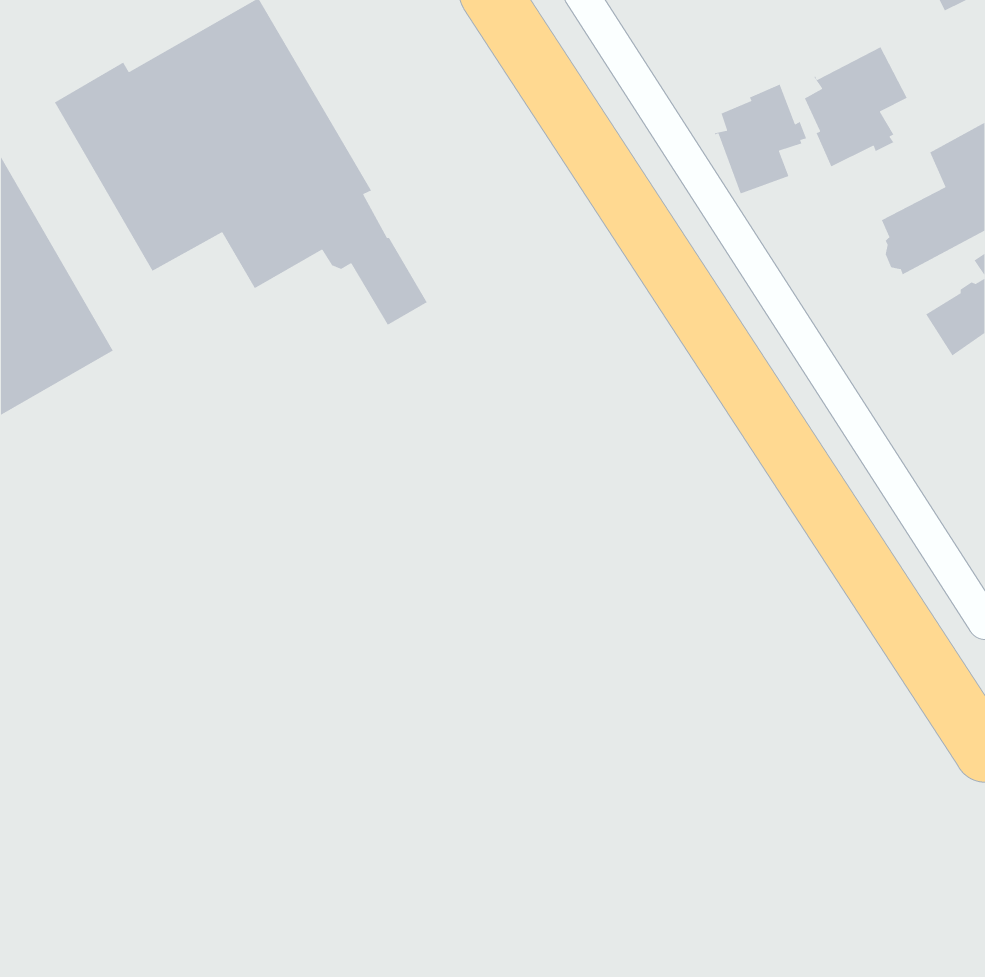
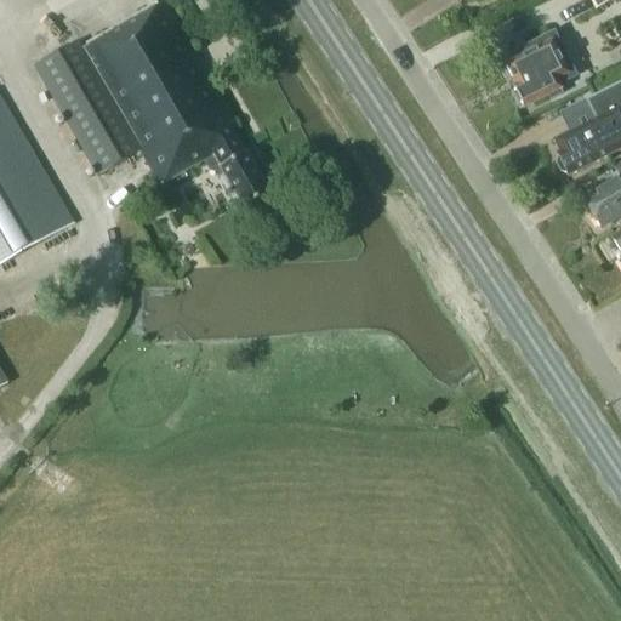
building: [714,83,807,195] -> none

